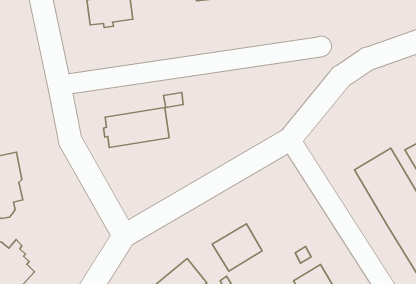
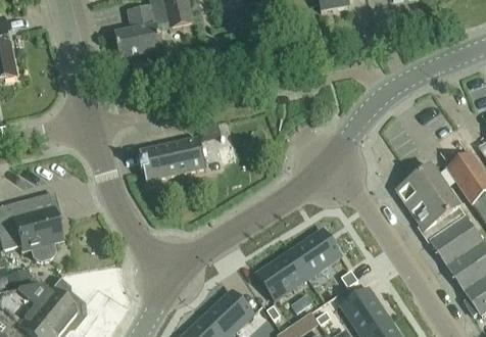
building: none -> [290,228,341,277]

